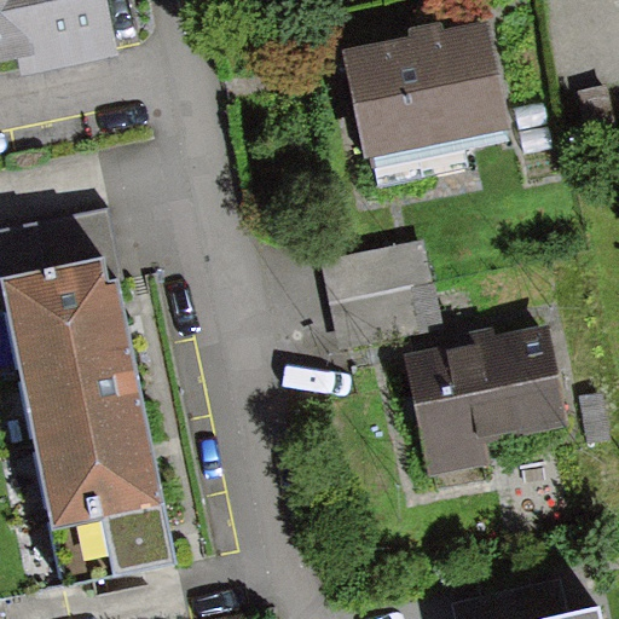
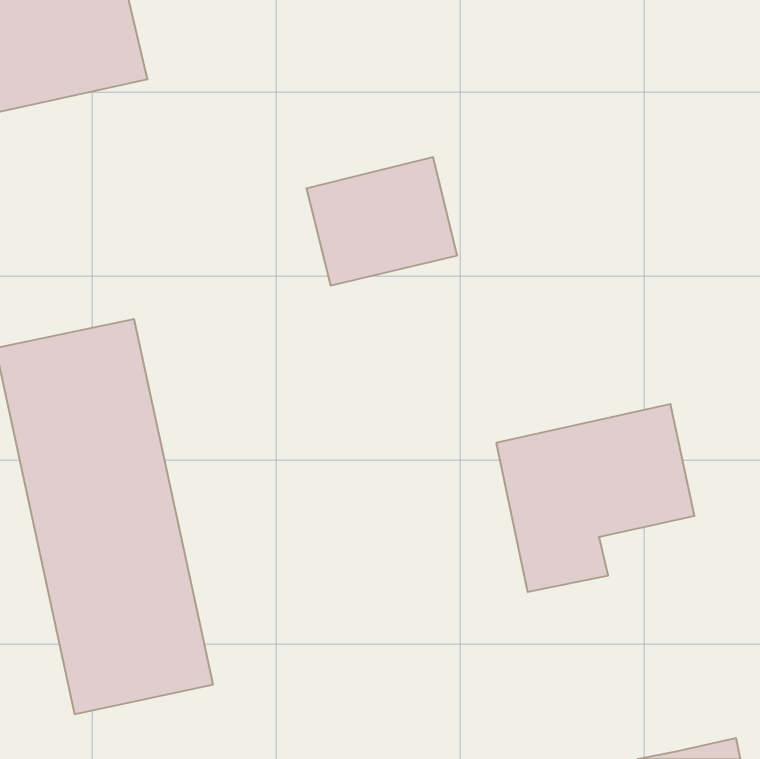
building: [346,19,504,146] -> none
building: [322,237,444,341] -> [306,157,457,285]

